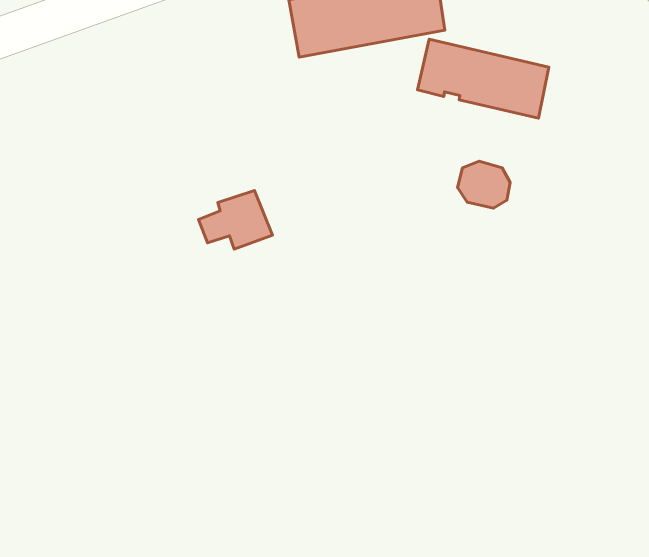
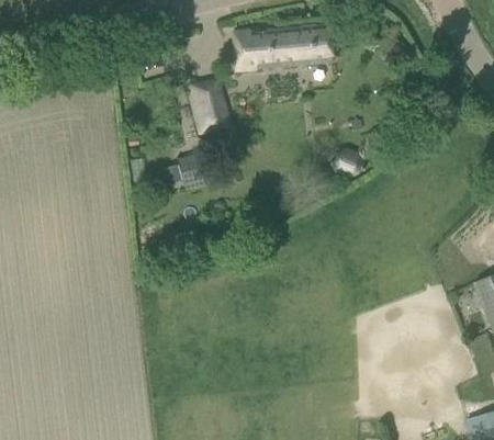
building: [417,39,549,118] -> none
building: none -> [187,75,231,132]

